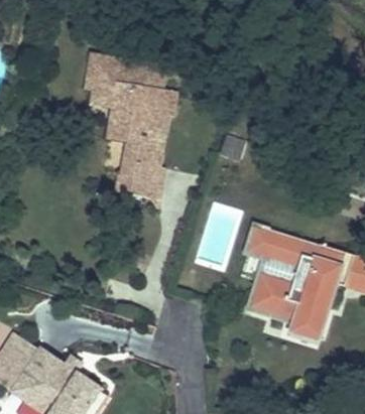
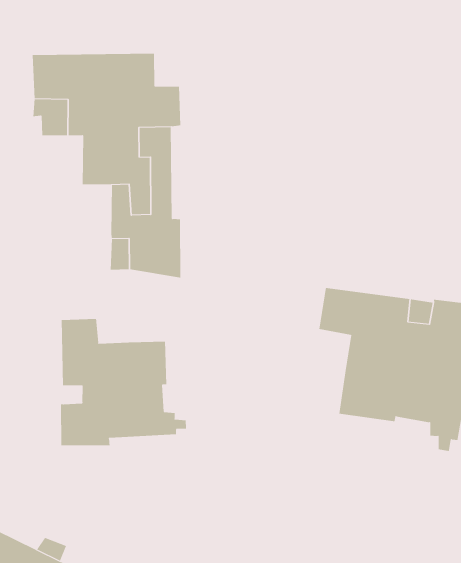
building: none -> [61,318,187,446]

